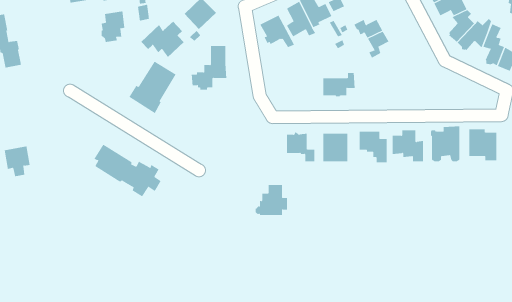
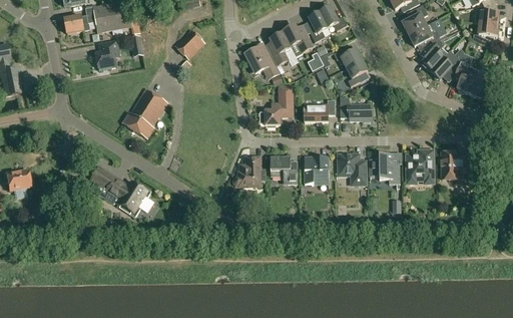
building: [141,21,185,58] -> none
building: [191,45,227,90] -> [260,85,294,127]
building: none -> [340,96,373,123]
building: [255,185,288,215] -> [234,156,266,186]

